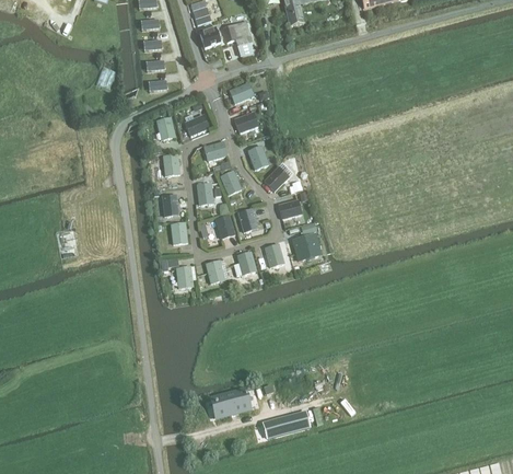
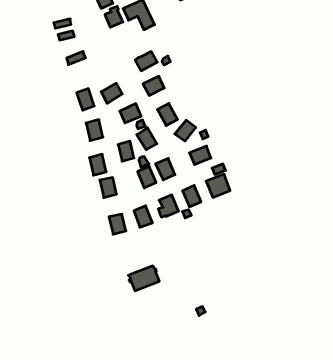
building: [214,390,249,416] -> [128,266,159,291]
building: [250,414,296,440] -> none

